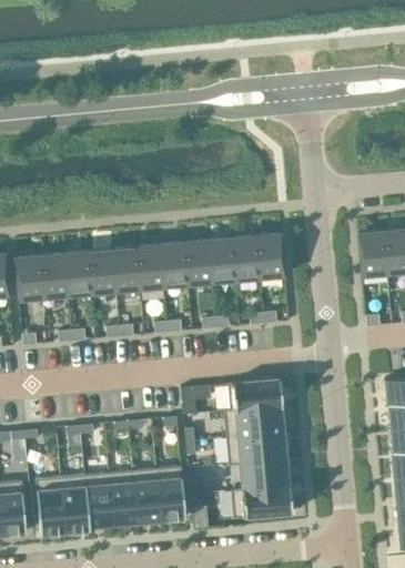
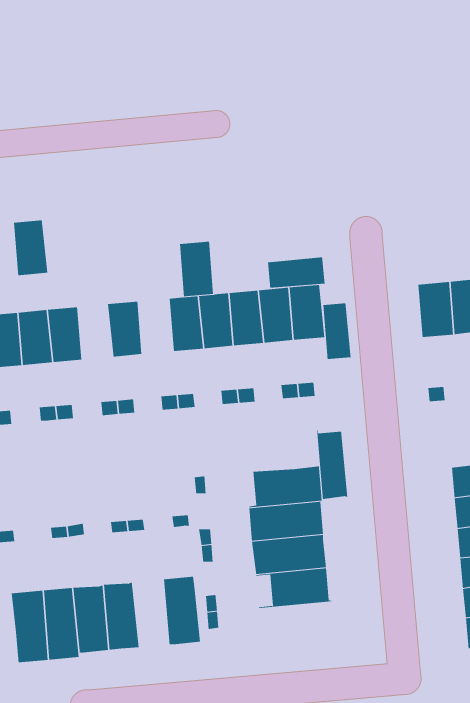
building: none -> [268,256,325,288]
building: [136,245,164,290] -> [179,241,214,297]
building: none -> [323,302,351,360]
building: [89,250,117,294] -> [13,220,48,276]
building: none -> [317,429,348,500]
building: [132,468,161,523] -> none
building: [232,486,293,520] -> none

